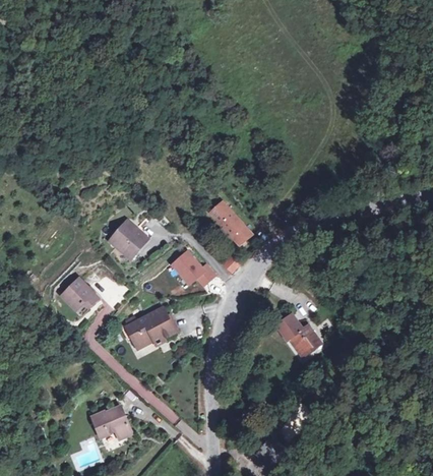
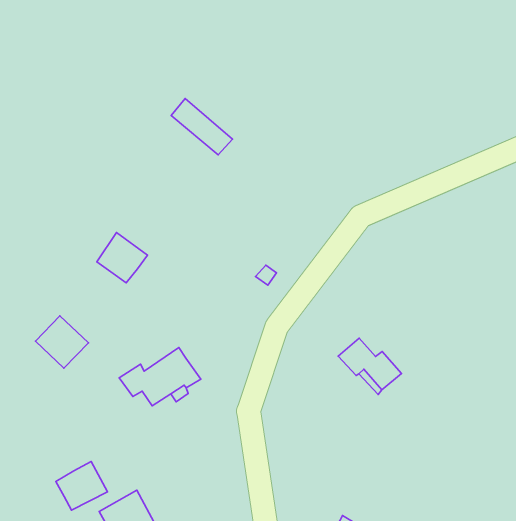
building: [209,201,251,244] -> [171,98,232,155]
building: [170,248,218,287] -> none
building: none -> [56,462,108,510]

